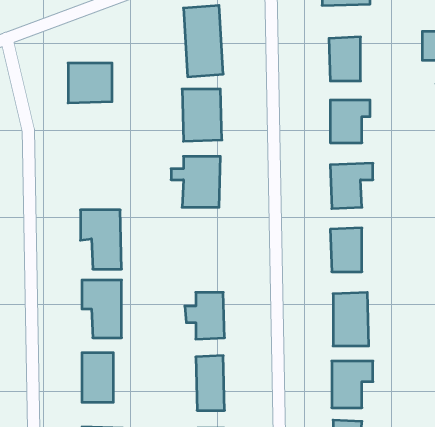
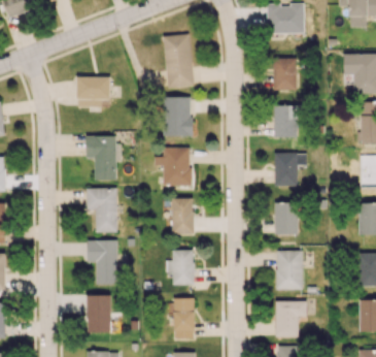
building: none -> [86,135,121,180]
building: none -> [172,198,194,234]

